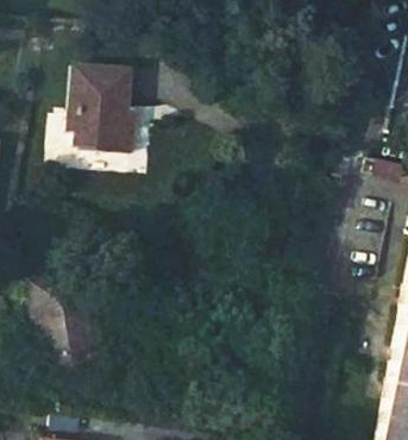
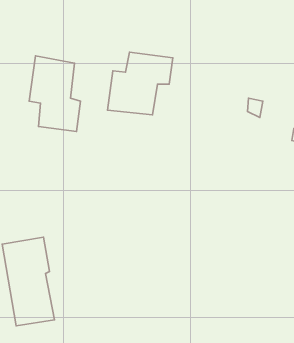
building: none -> [108,52,173,115]

